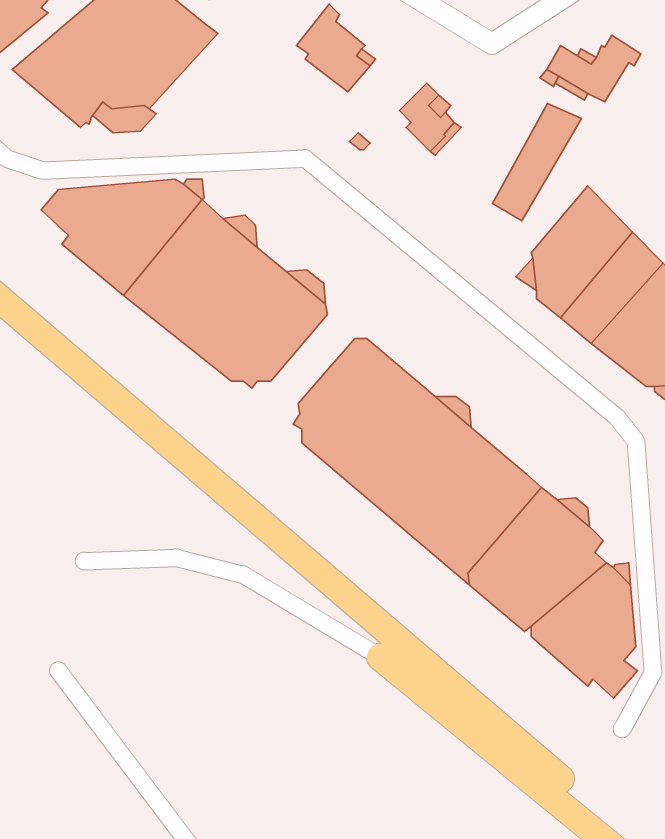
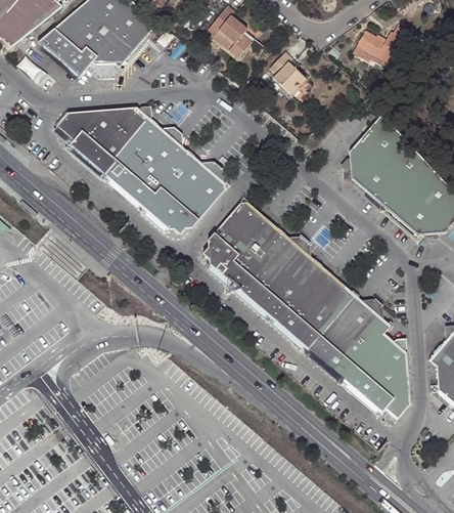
building: [492,103,581,221] -> none

